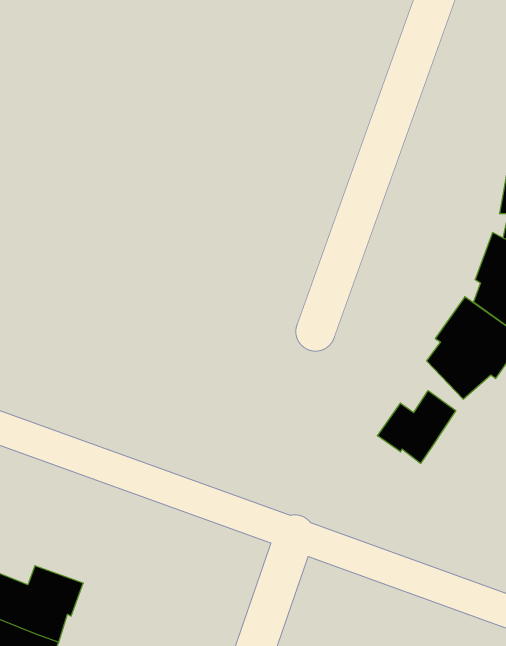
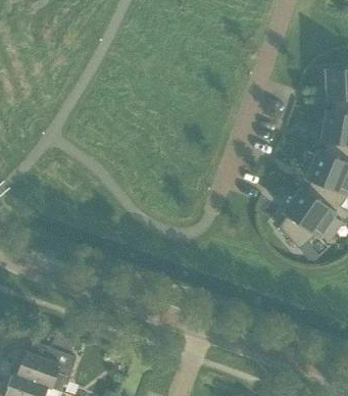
building: [377,391,456,463] -> none

